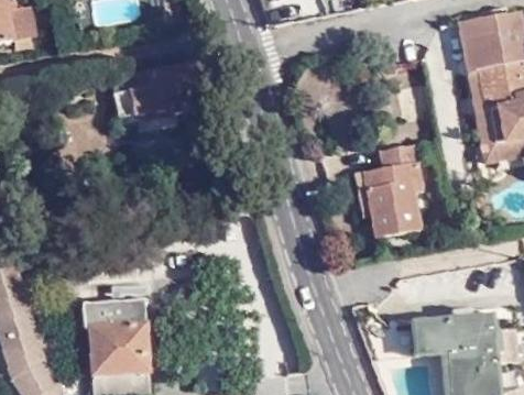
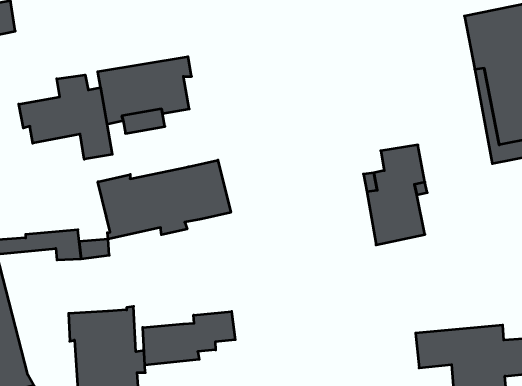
building: none -> [19,75,112,159]
building: none -> [98,160,231,239]
building: none -> [143,311,235,365]

